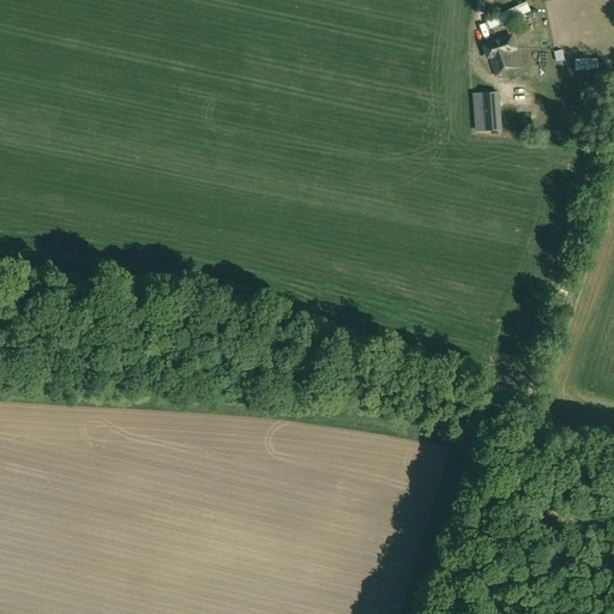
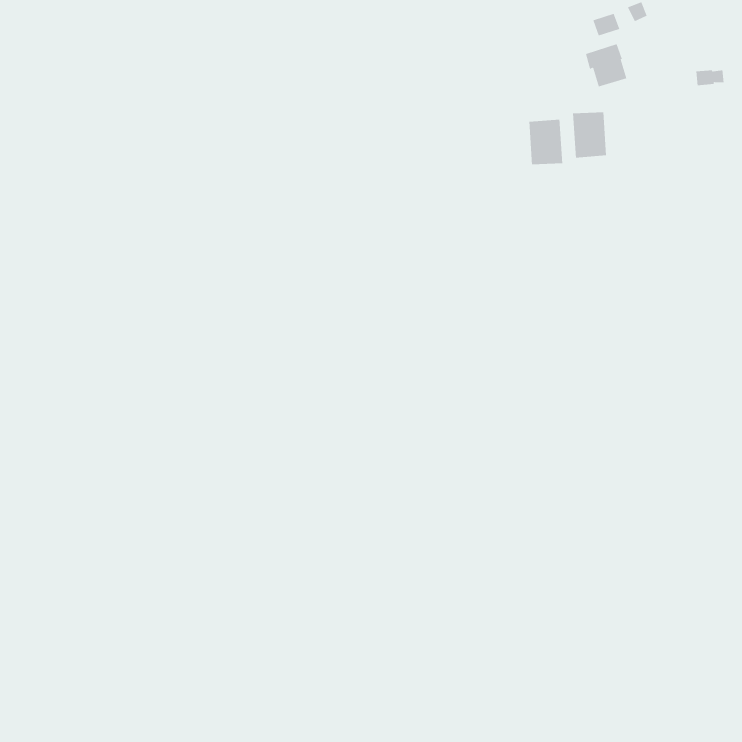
building: none -> [529,119,563,165]

